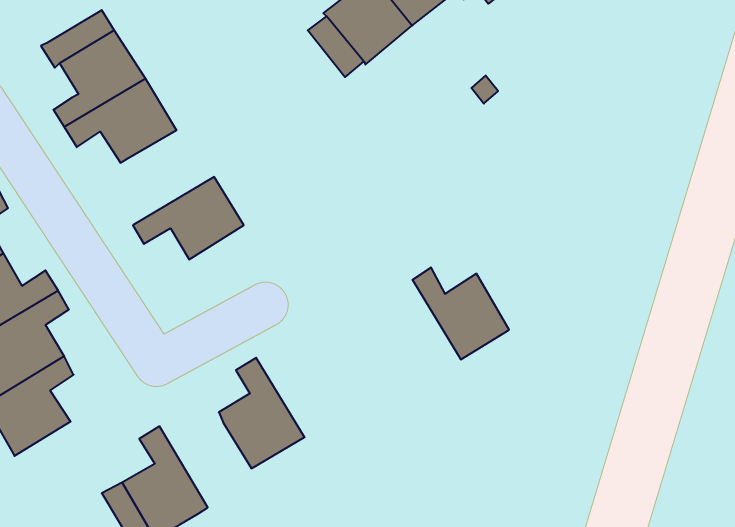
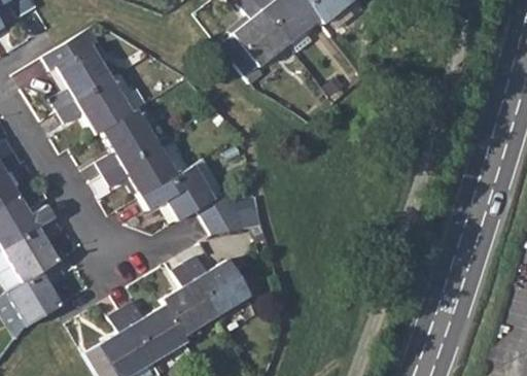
building: none -> [98,109,159,175]
building: none -> [142,160,249,234]
building: [412,267,509,359] -> [186,254,250,315]
building: none -> [122,301,186,362]

